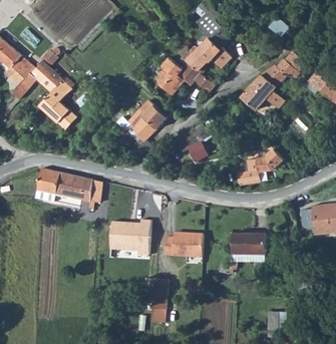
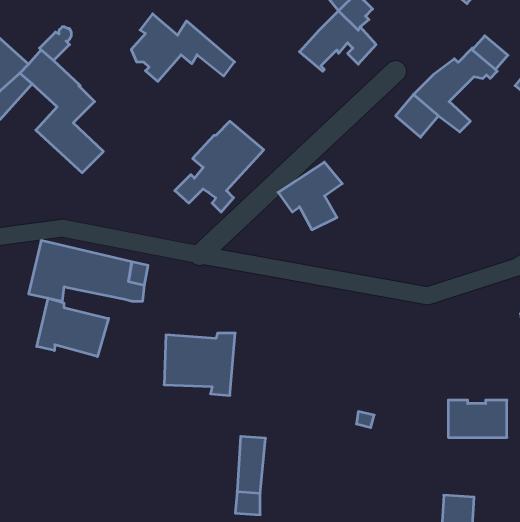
building: [155,57,214,95] -> [131,14,235,81]
building: [237,148,284,185] -> none
building: none -> [37,298,109,357]
building: [232,233,265,254] -> [448,400,507,437]
building: [163,234,203,256] -> none

